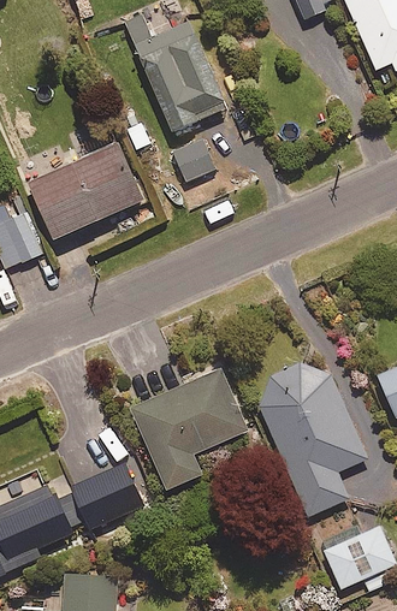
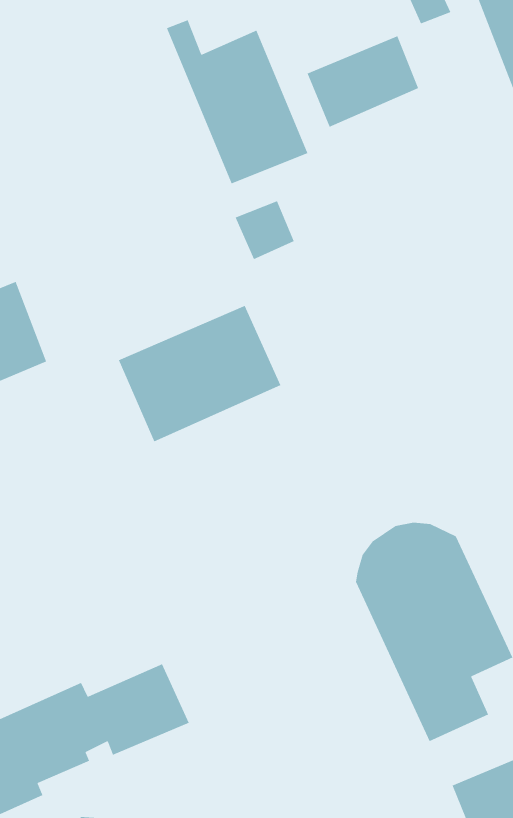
building: none -> [306,35,419,128]
building: [28,143,142,239] -> [118,305,281,442]
building: [131,368,247,488] -> none

